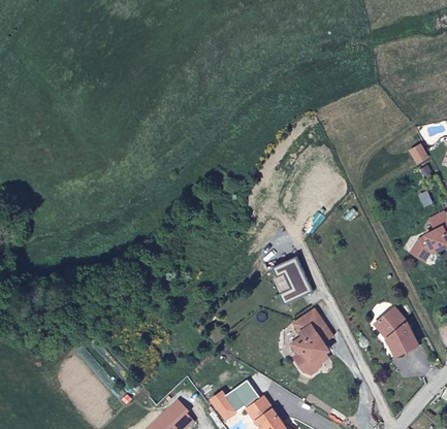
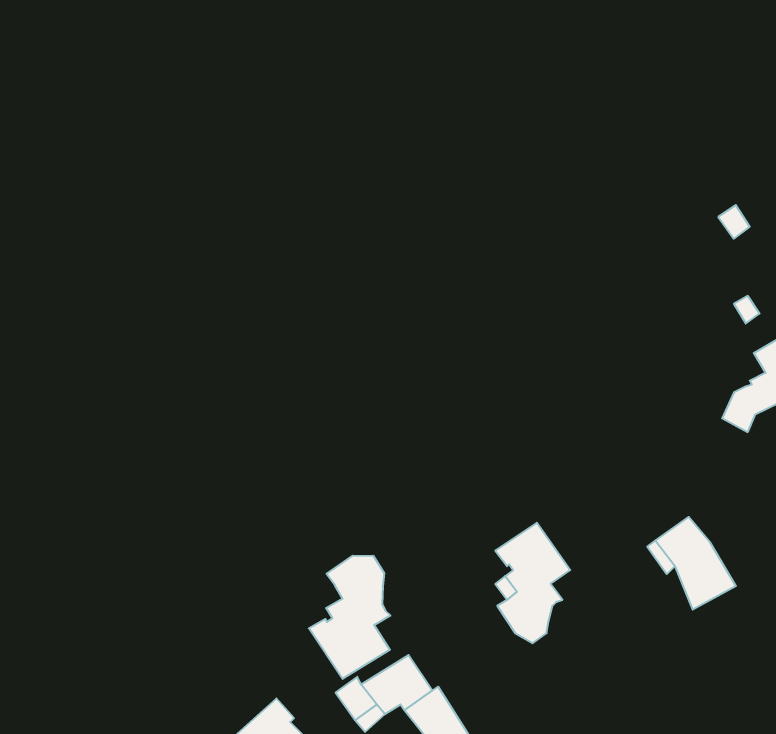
building: [270,255,312,303] -> none
building: none -> [309,556,390,679]

